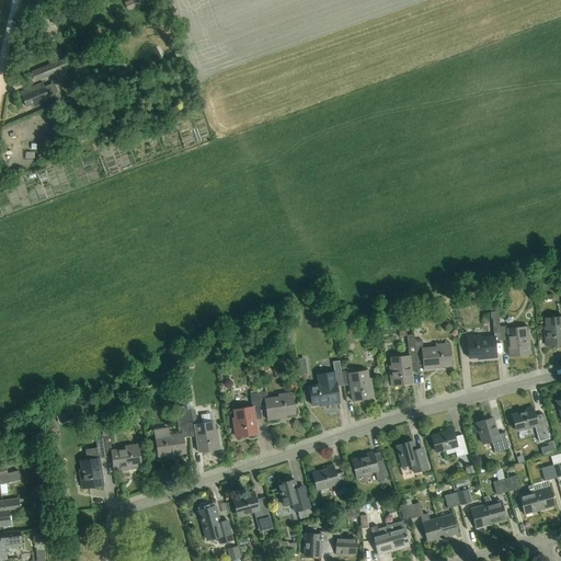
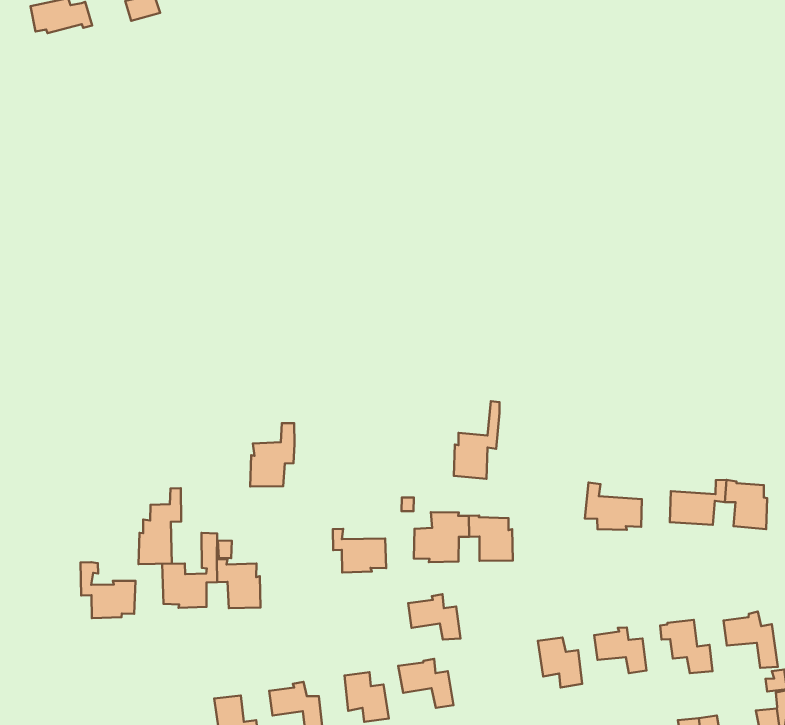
building: [389,334,415,385] -> [454,401,500,479]
building: [233,393,261,437] -> [250,423,295,487]
building: [80,437,105,489] -> [139,488,181,564]
building: [352,453,388,481] -> [408,594,460,640]

